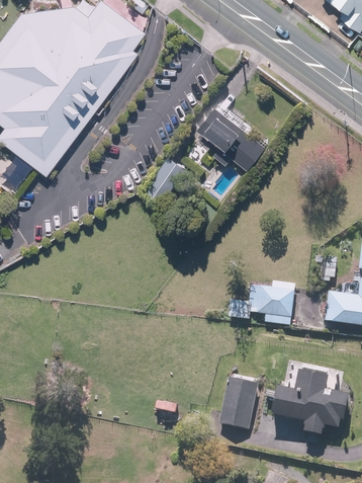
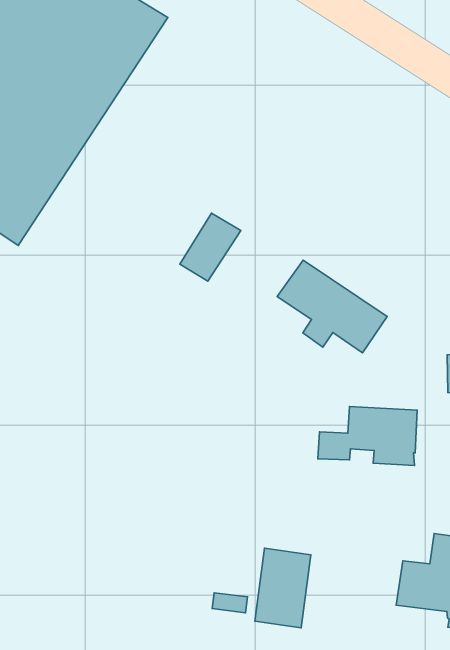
building: [197,106,267,168] -> [277,260,387,353]
building: [218,378,257,430] -> [255,548,311,628]

